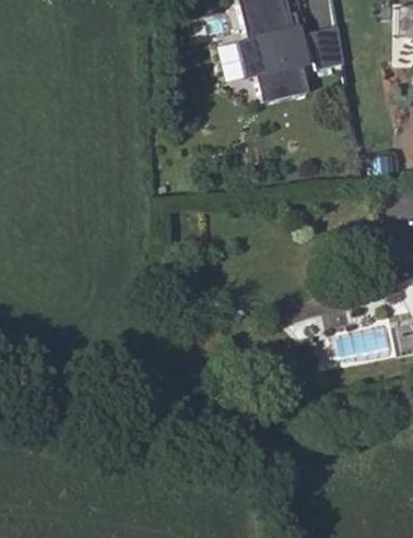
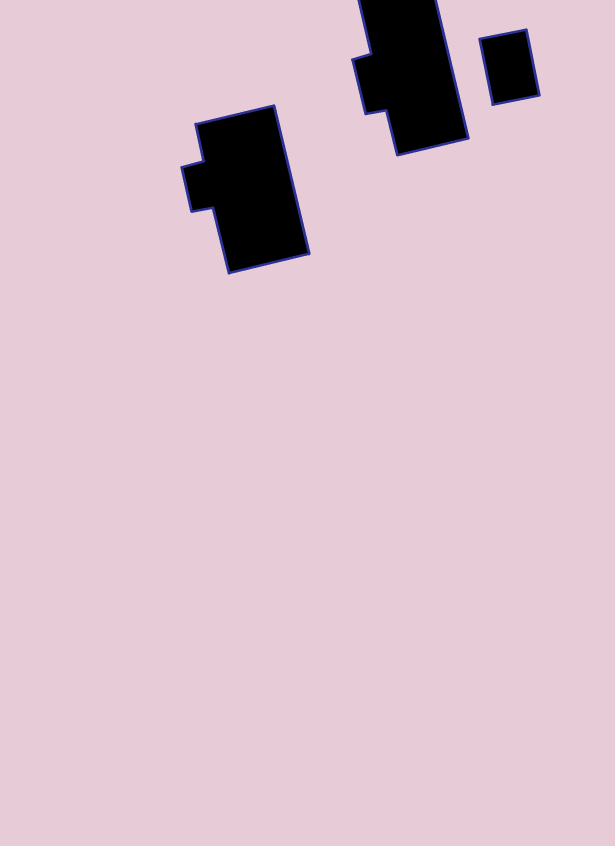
building: none -> [182,106,309,273]

